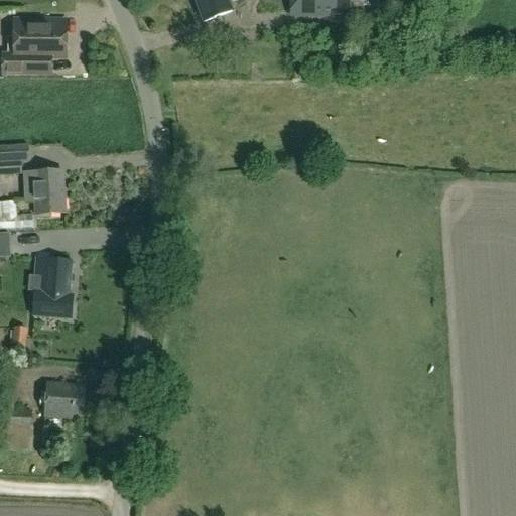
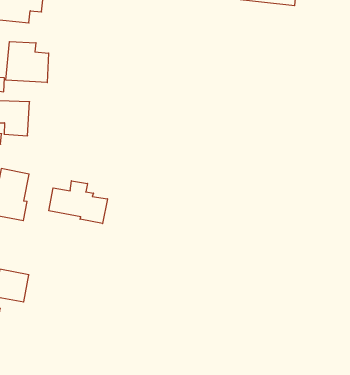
building: none -> [6,42,49,83]
building: none -> [49,181,107,224]

